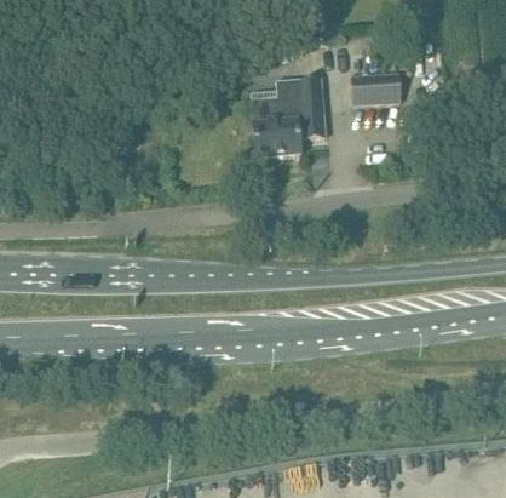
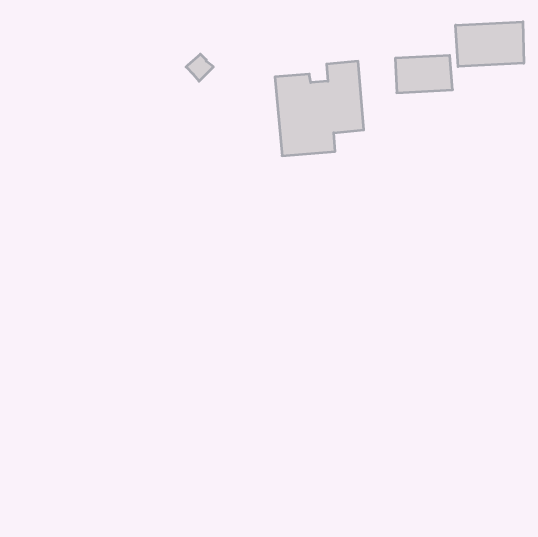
building: none -> [456,22,524,67]

